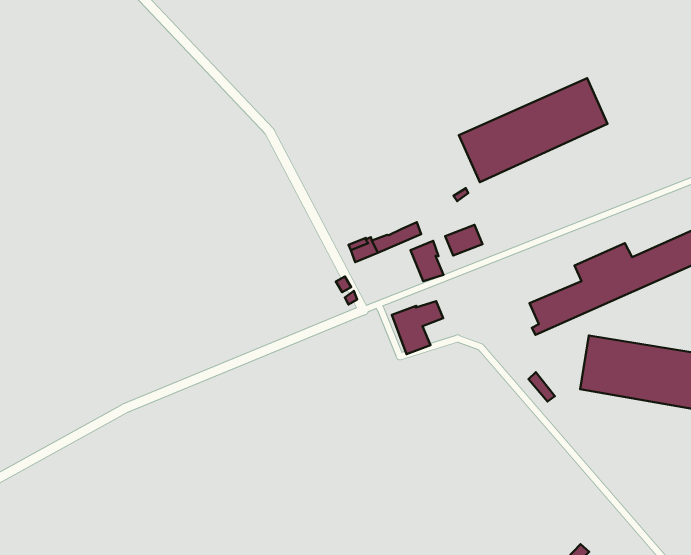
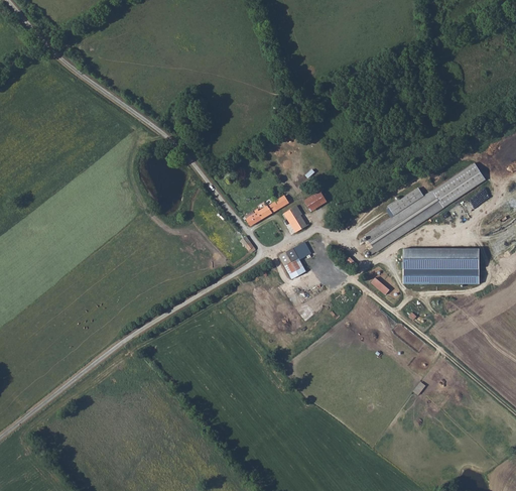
building: [459,78,608,182] -> none

